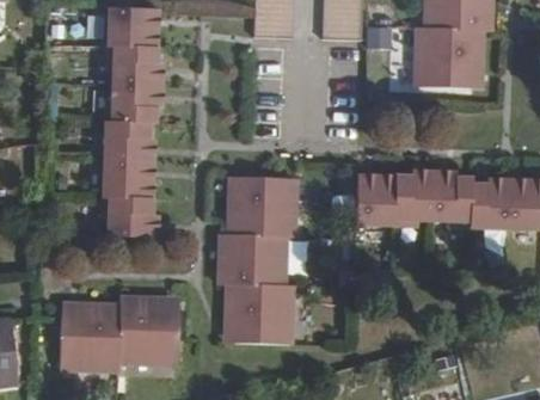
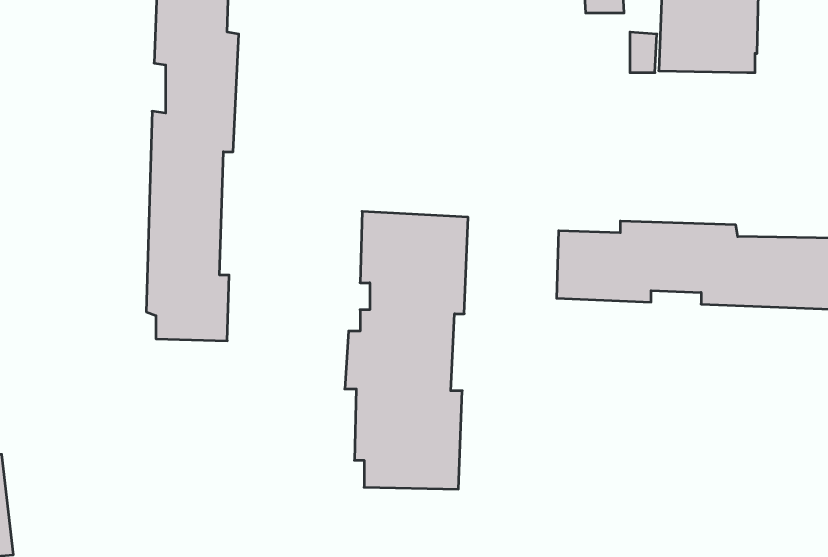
building: [61,297,185,367] -> none

